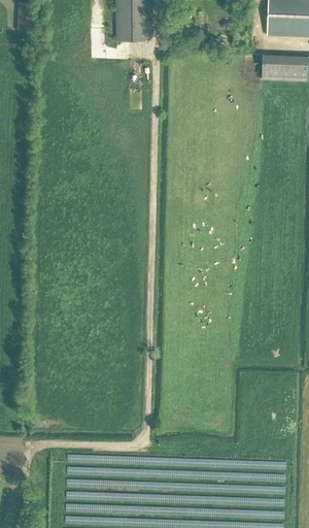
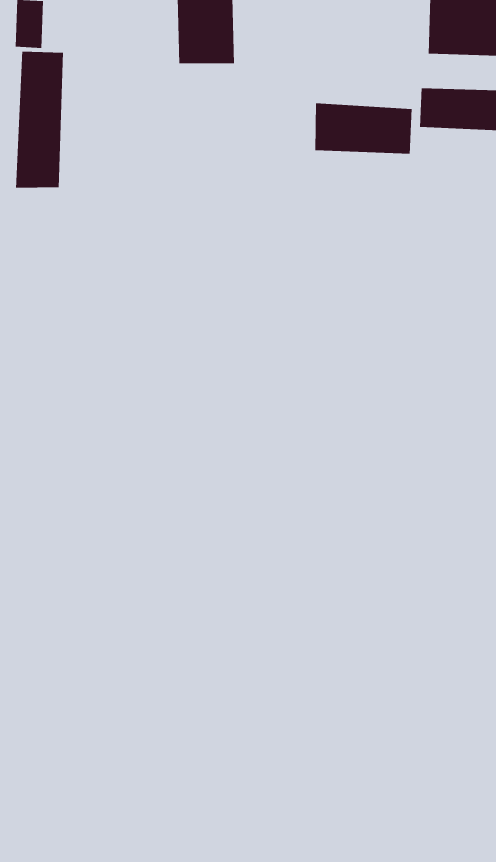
building: none -> [15,51,64,188]
building: none -> [315,103,412,155]

